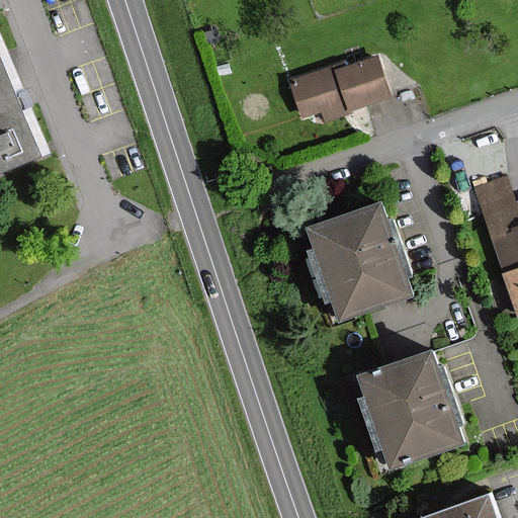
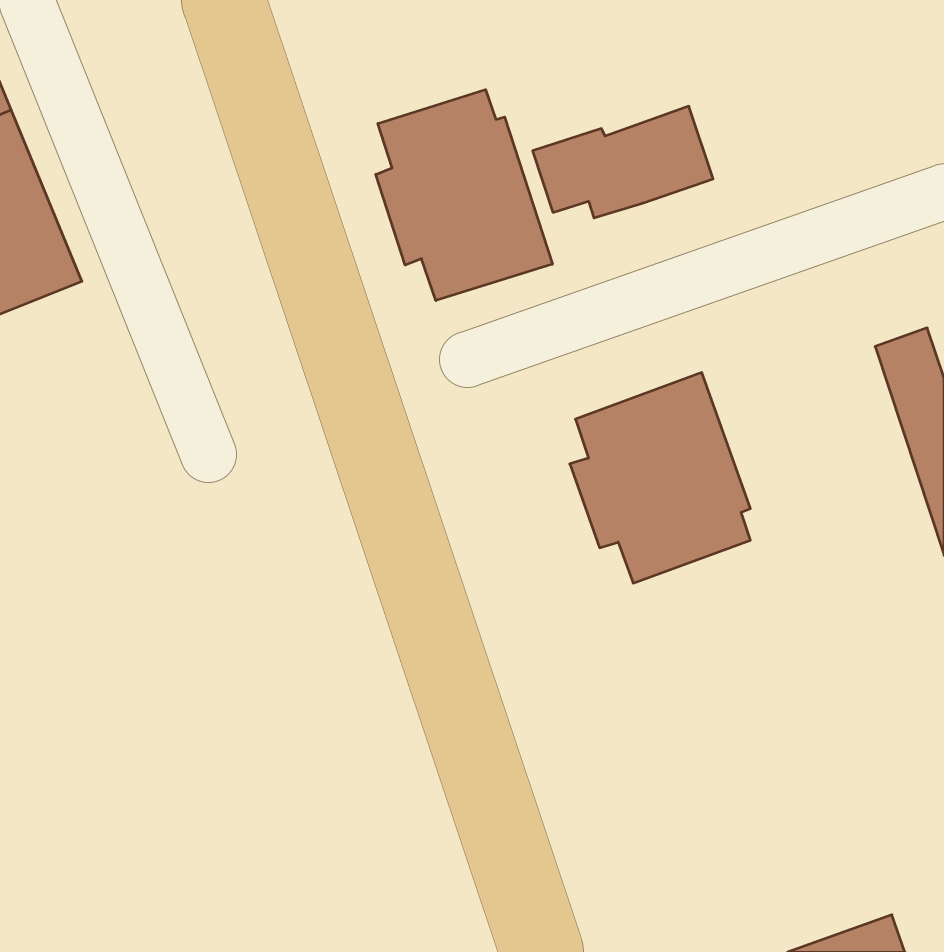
building: none -> [376,90,552,301]
building: [359,350,461,465] -> none

